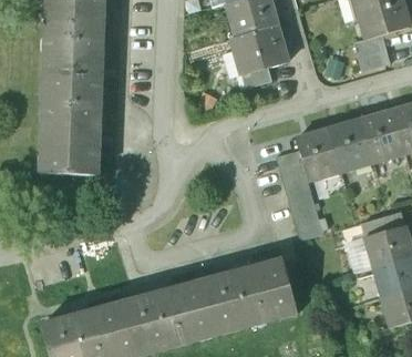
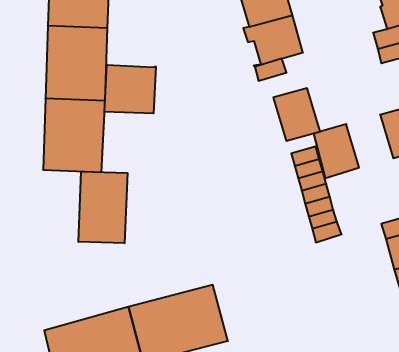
building: none -> [105,65,156,113]
building: [328,120,372,170] -> [273,88,320,141]
building: none -> [78,172,127,243]
building: [202,258,297,334] -> none

